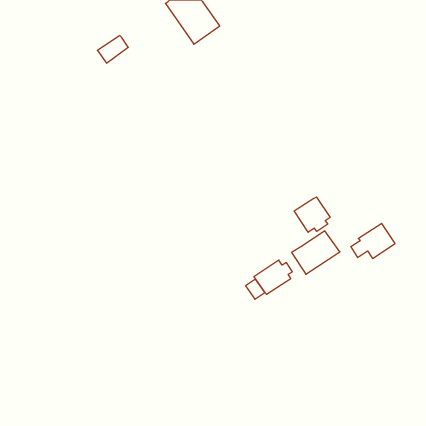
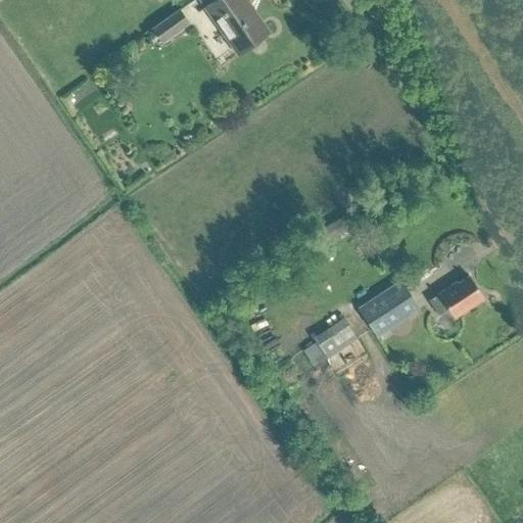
building: [97,36,128,63] -> [150,7,188,41]
building: [294,197,330,232] -> none

